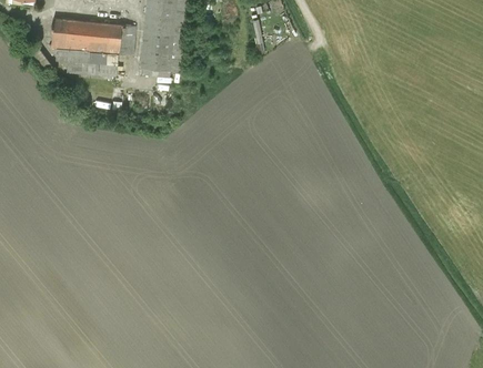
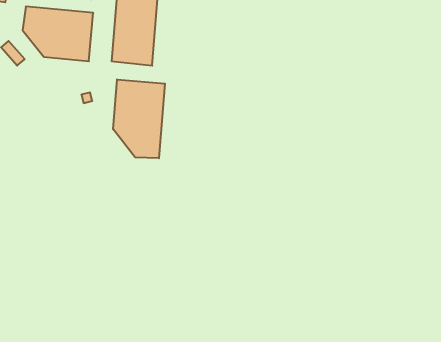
building: none -> [113,79,165,158]

